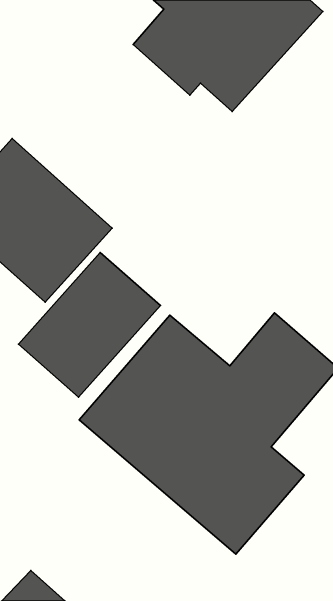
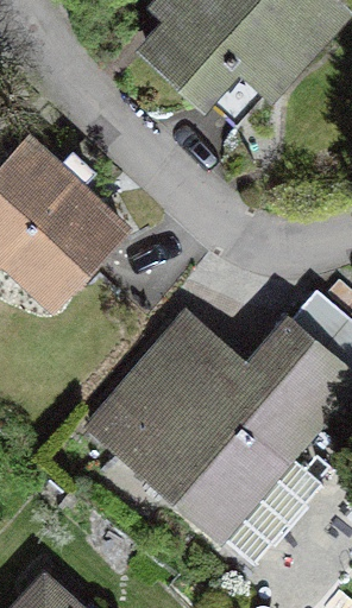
building: [18,252,160,397] -> none

